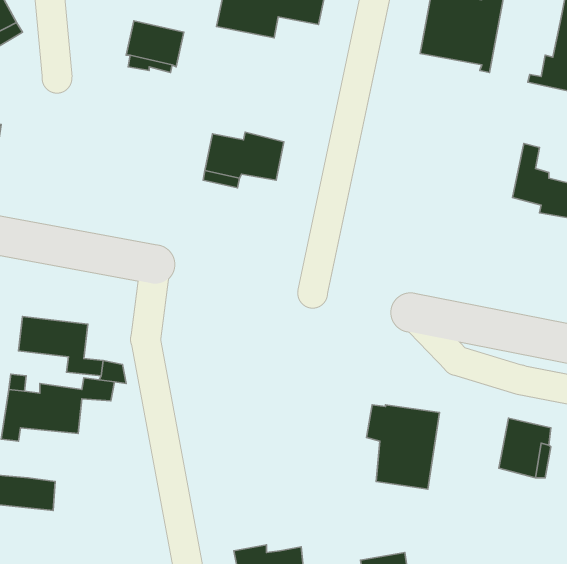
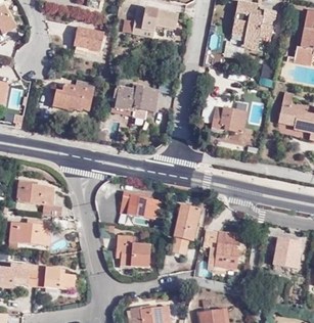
building: none -> [52,84,93,110]
building: none -> [213,105,245,132]
building: none -> [120,192,156,220]
building: none -> [171,205,199,256]
building: none -> [116,236,150,269]
building: none -> [35,268,76,290]

